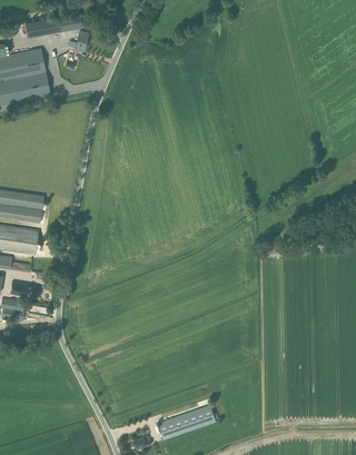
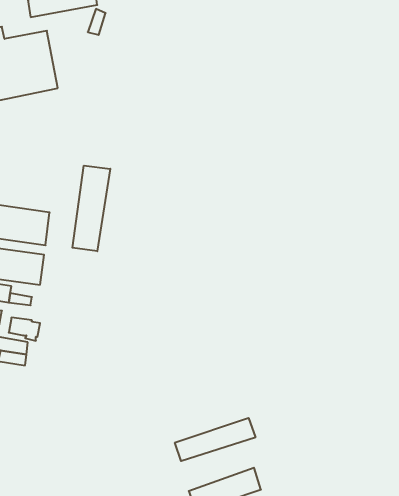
building: none -> [72,166,110,251]
building: none -> [175,418,255,461]

